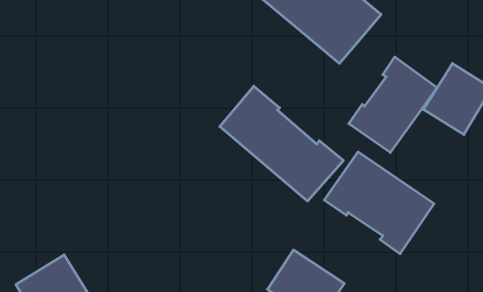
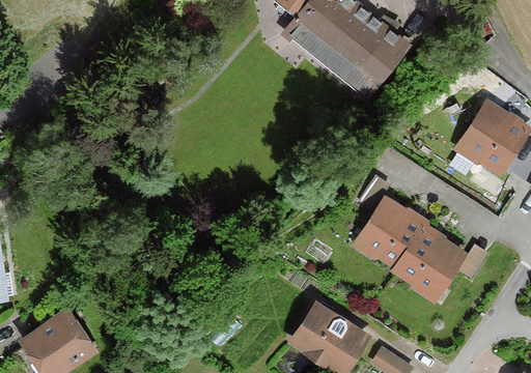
building: [349,57,437,153] -> none
building: [220,86,343,201] -> none

